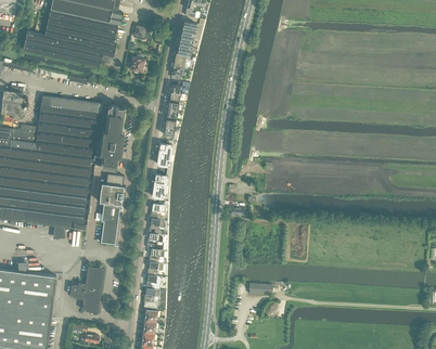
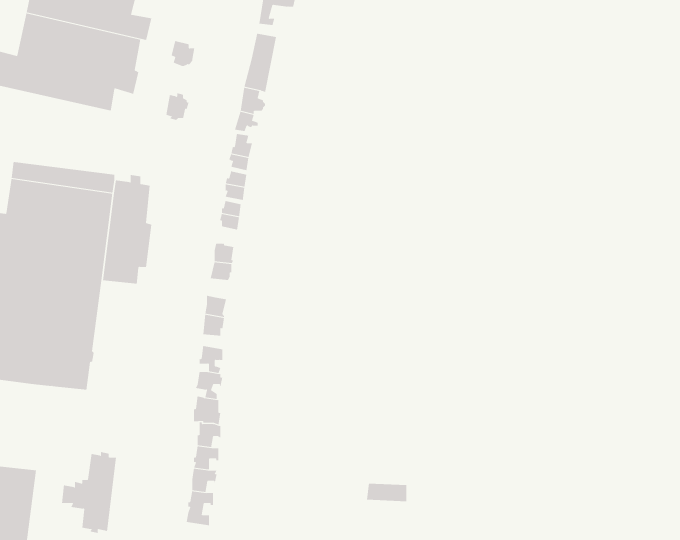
building: [99,174,124,244] -> none

